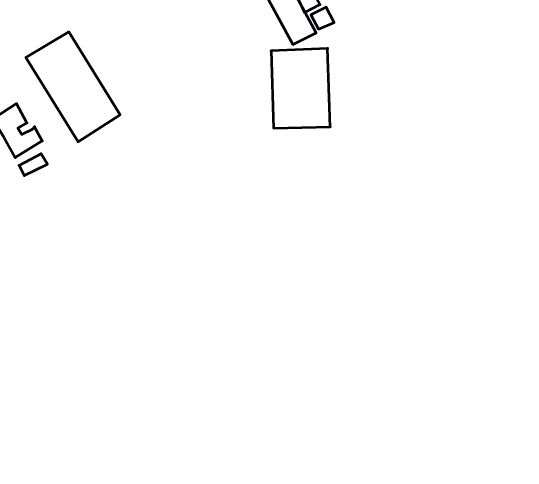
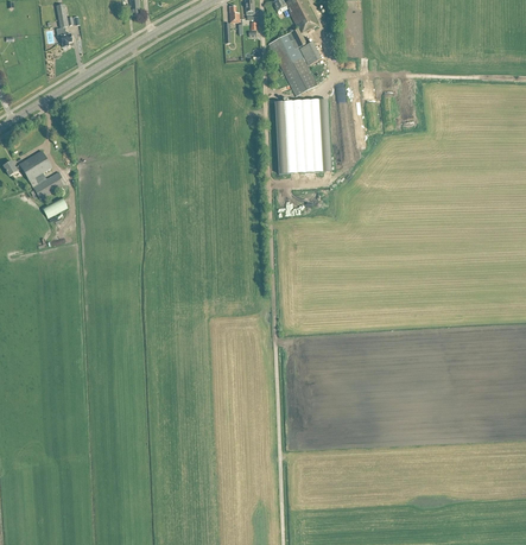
building: [26,32,120,142] -> none

